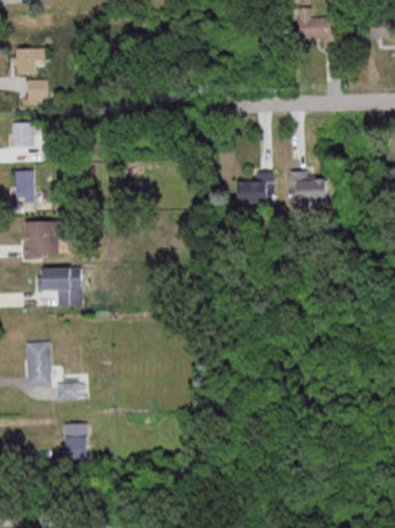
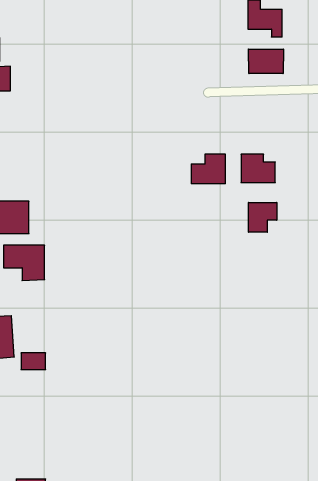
building: none -> [248,49,283,74]
building: none -> [249,202,277,232]
building: [64,423,88,460] -> none

